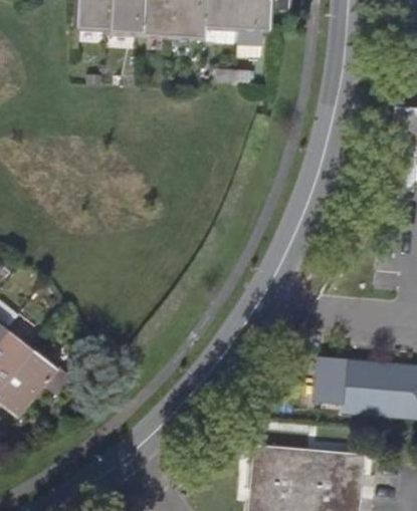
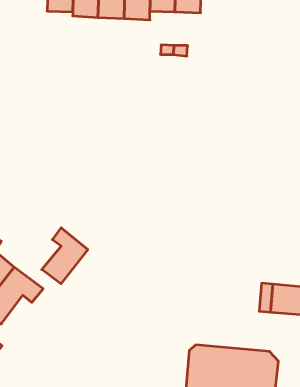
building: none -> [42,228,88,284]
building: [317,358,343,404] -> none

